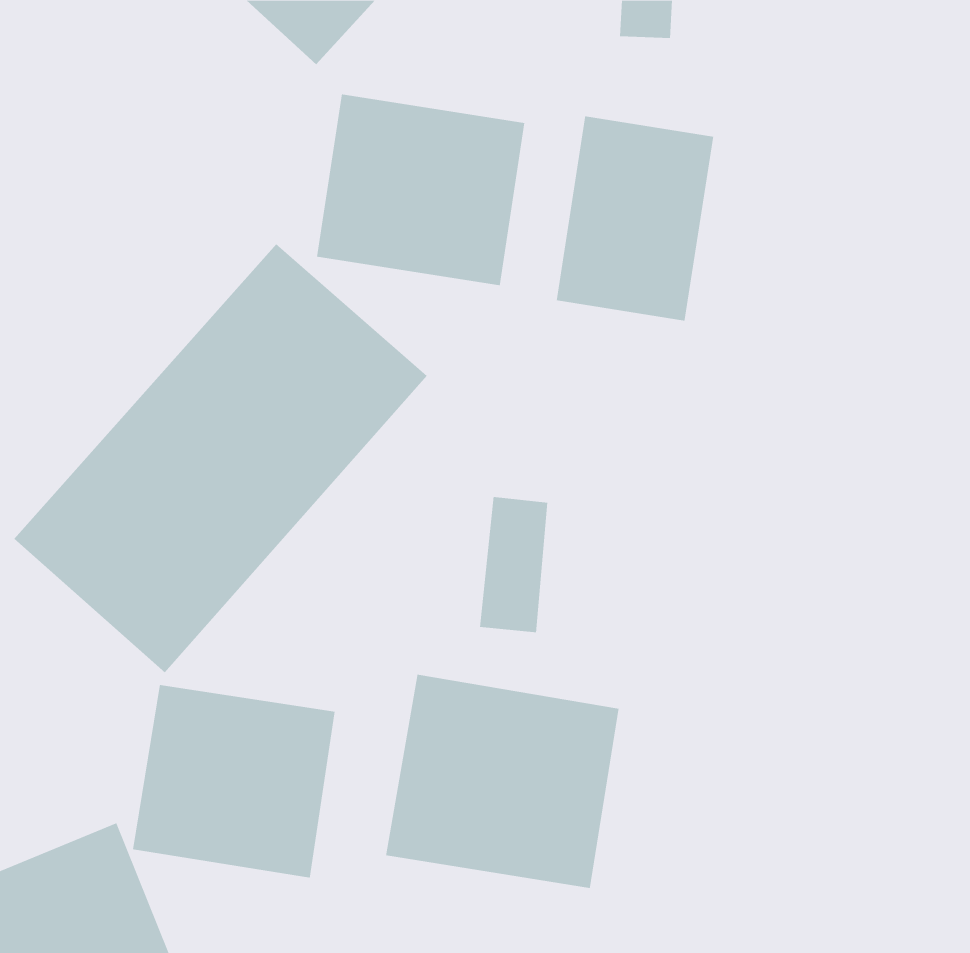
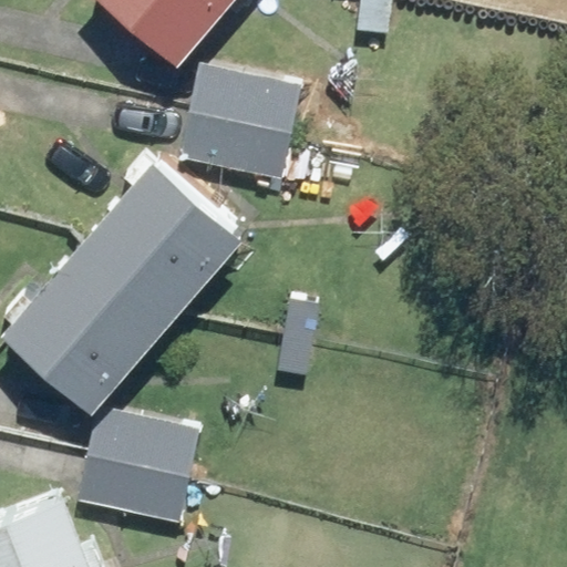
building: [556,116,714,321] -> none
building: [385,674,619,889] -> none

